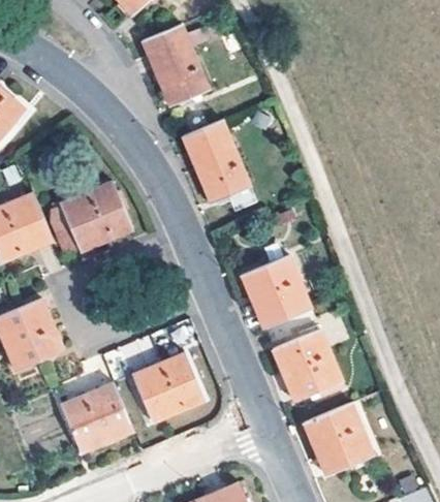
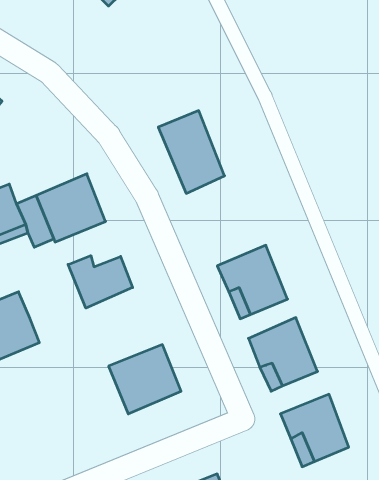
building: [142,24,209,106] -> none
building: none -> [68,256,133,308]
building: [62,383,133,452] -> none

